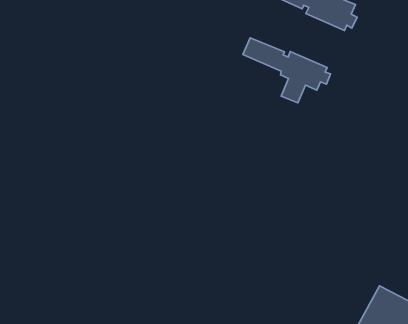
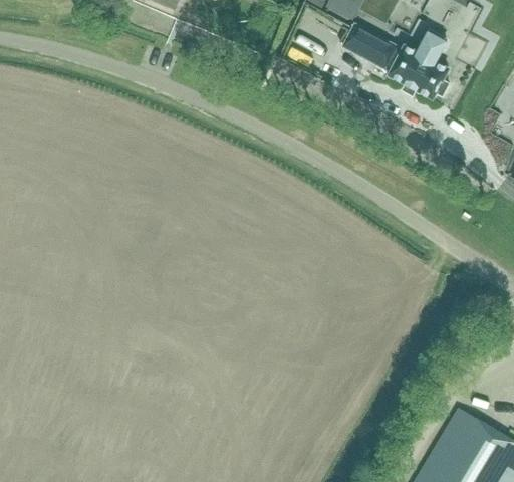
building: [243,38,330,103] -> none

